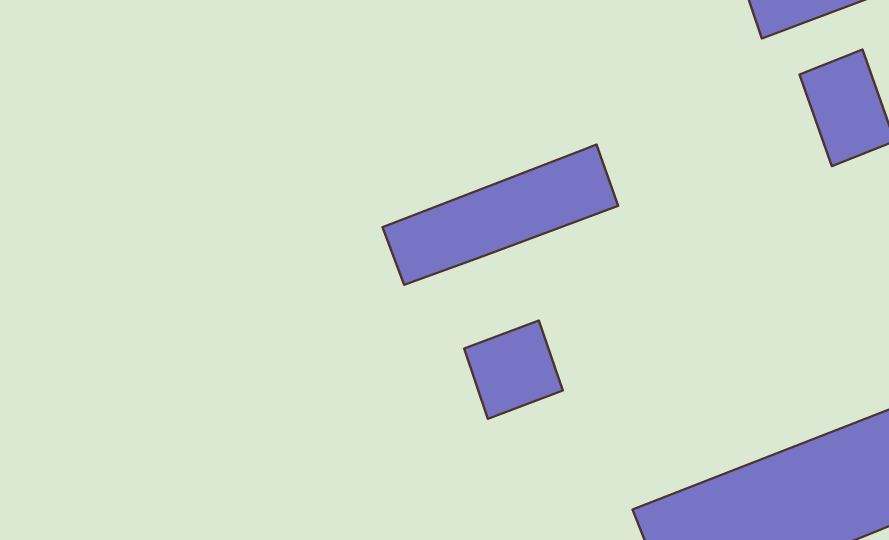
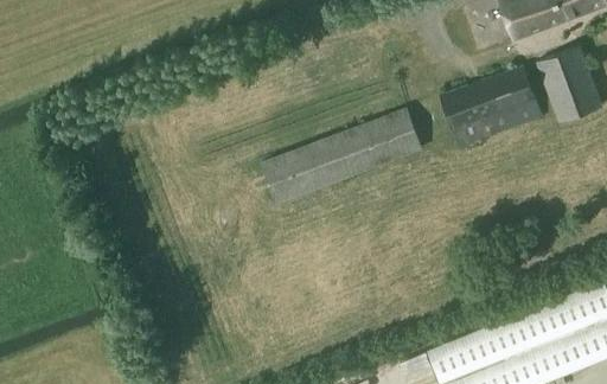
building: none -> [441,66,543,147]
building: [464,320,563,419] -> none

